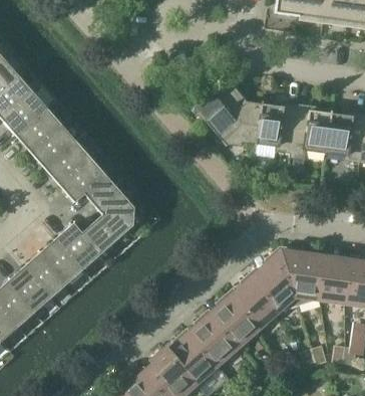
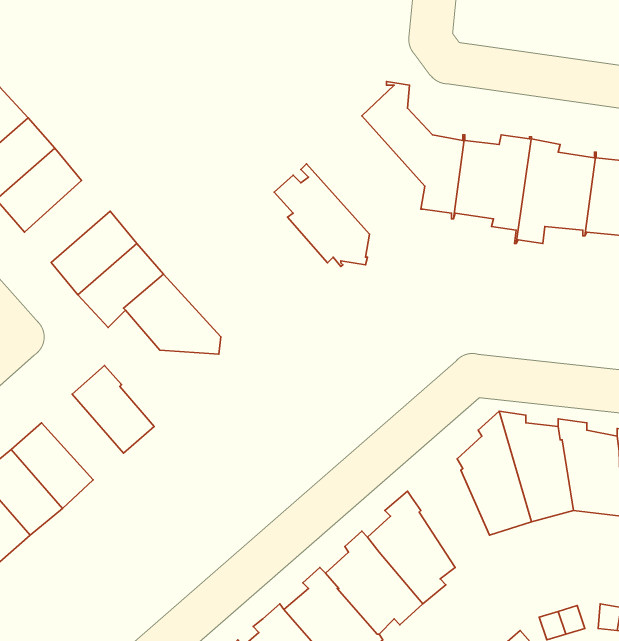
building: [193,90,243,145] -> [274,164,369,267]
building: [32,125,77,168] -> none
building: [82,214,134,254] -> none
building: [41,237,84,282] -> none
building: [236,267,277,329] -> none

